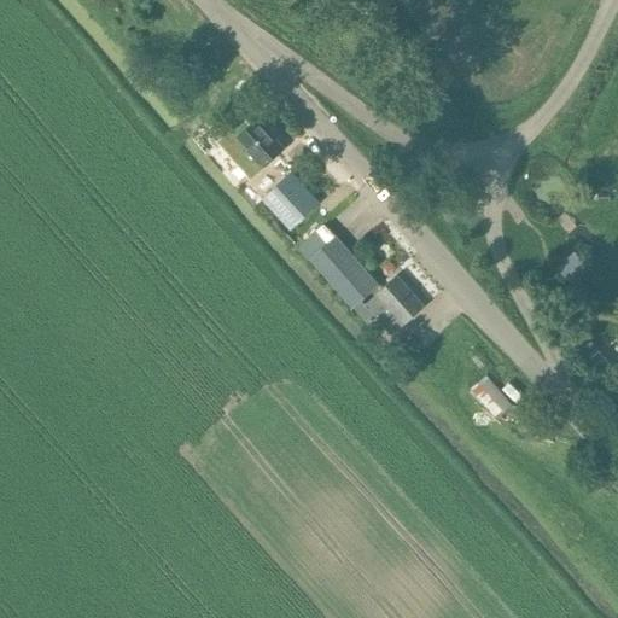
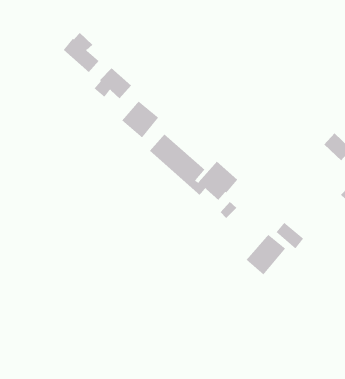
building: none -> [63,32,100,73]
building: none -> [245,234,286,275]

